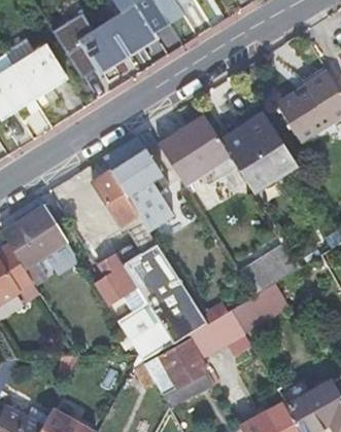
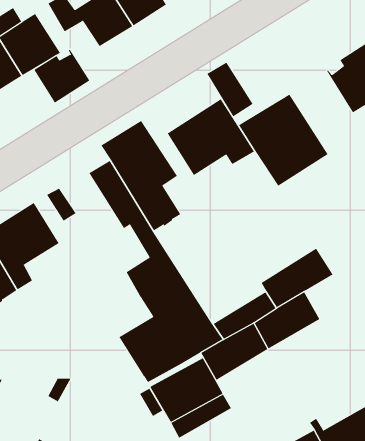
building: none -> [33,49,90,103]
building: [277,94,317,141] -> [206,62,253,117]
building: [97,253,136,302] -> none

